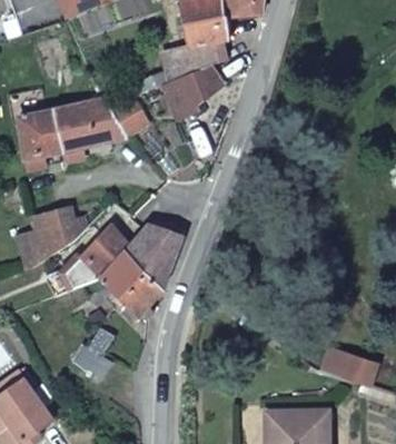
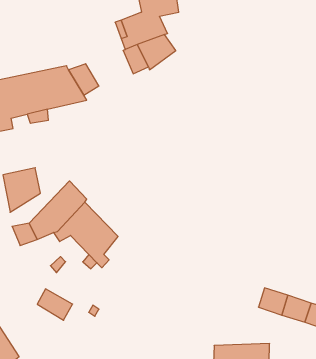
building: [125,228,179,287] -> none

